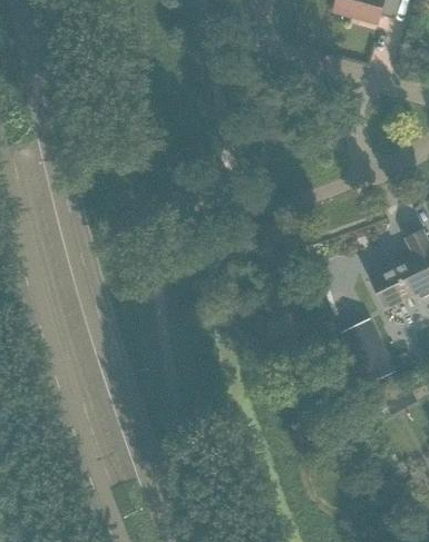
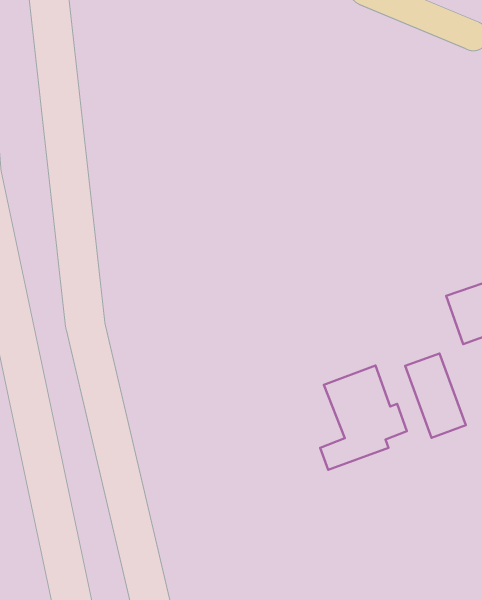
building: none -> [320,365,407,470]

